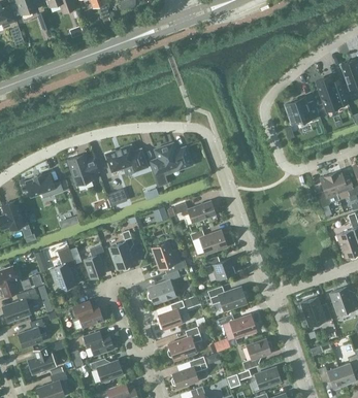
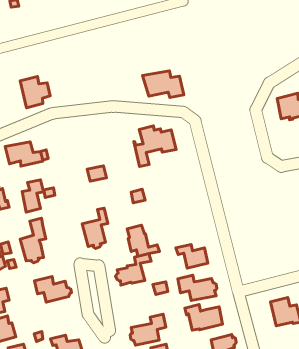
building: [105,145,148,172] -> [143,71,184,97]
building: [68,154,99,186] -> [20,76,50,108]
building: [174,200,217,223] -> none
building: [191,229,228,254] -> none
building: [86,245,106,278] -> [22,180,43,212]
building: [158,300,185,330] -> none
building: [84,331,115,356] -> none

